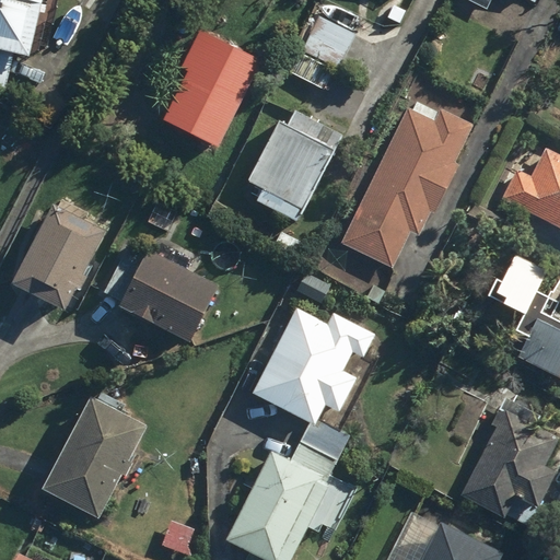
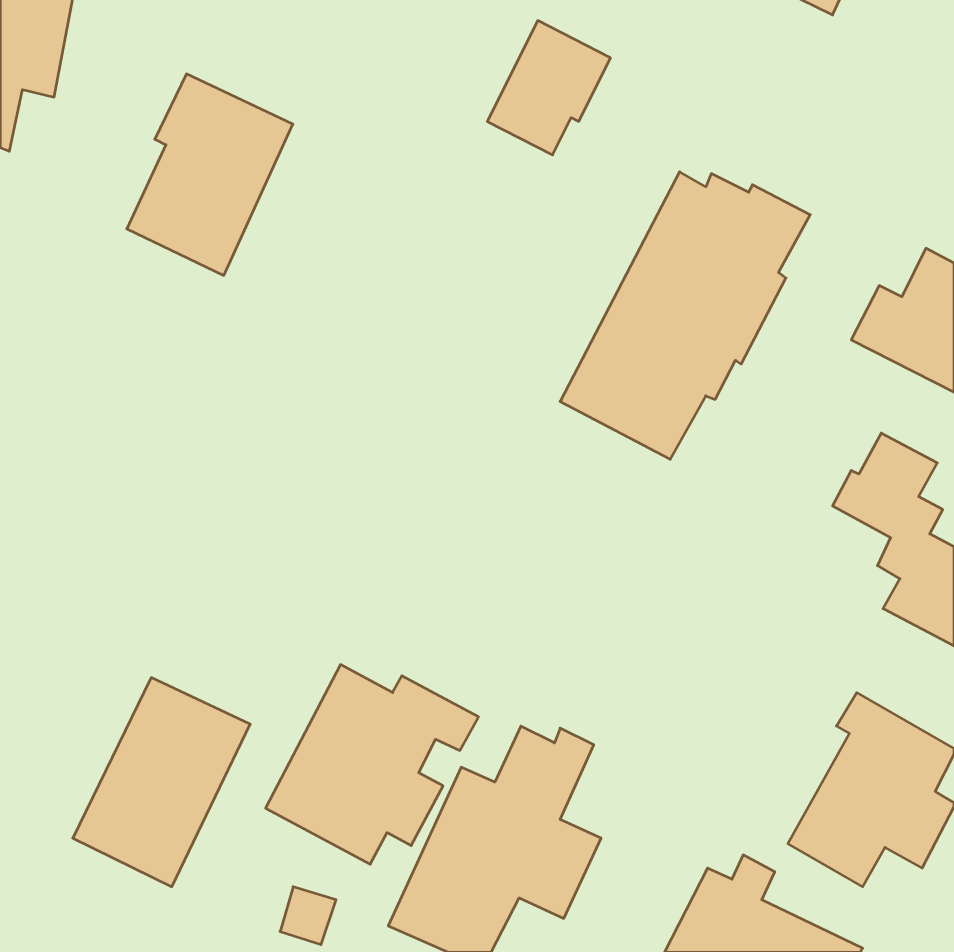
building: [163,31,260,149] -> [127,74,293,275]
building: [242,104,345,218] -> none
building: [15,196,105,308] -> none
building: [118,248,220,343] -> none
building: [253,308,377,425] -> [266,665,478,864]

